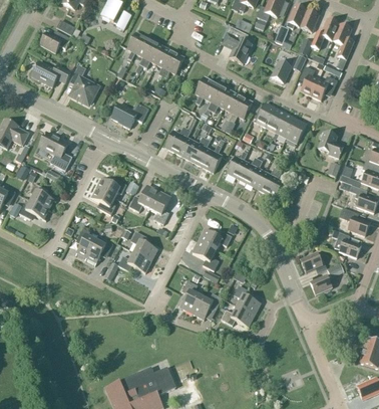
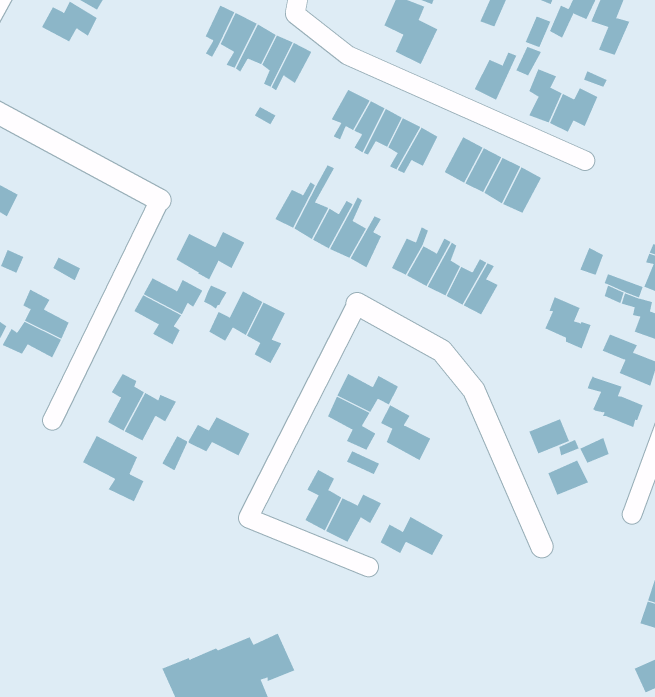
building: [31,60,70,85] -> none
building: [70,65,98,105] -> none
building: [111,101,148,128] -> [176,231,245,280]
building: [318,130,343,158] -> [545,297,592,349]
building: [39,131,71,170] -> none
building: [130,230,157,260] -> none
building: none -> [82,435,144,502]
building: [234,284,261,315] -> [380,405,431,461]

